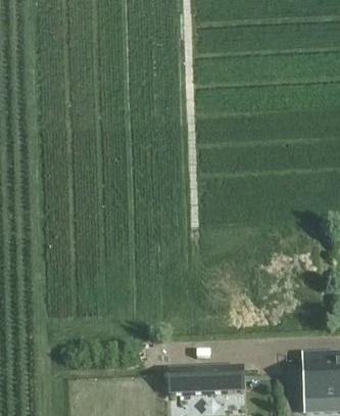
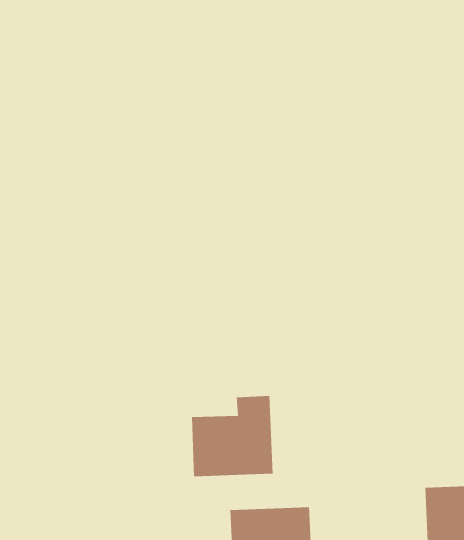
building: none -> [192,395,273,477]

